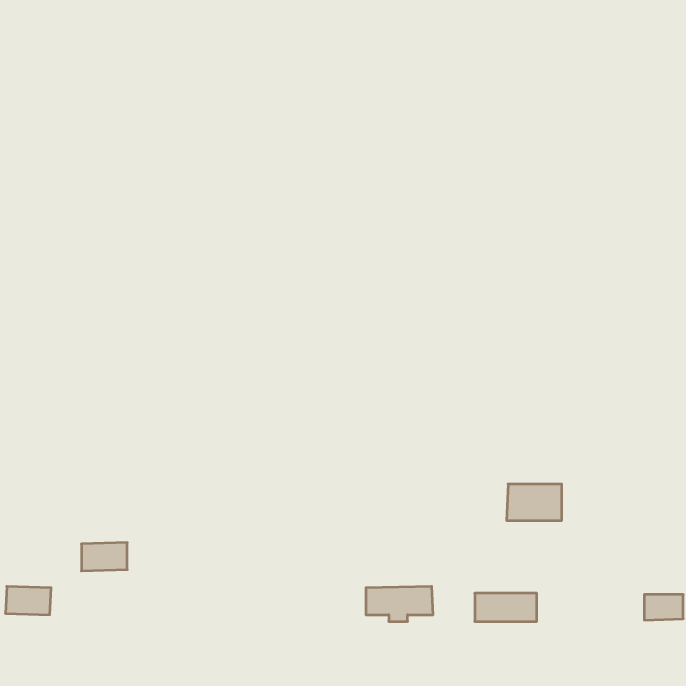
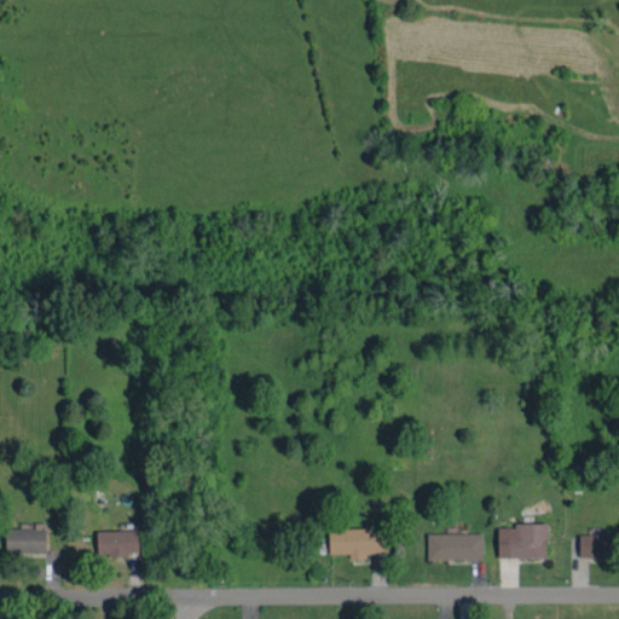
building: [507,484,562,520] -> [498,526,548,559]
building: [81,543,127,571] -> [98,531,139,556]

